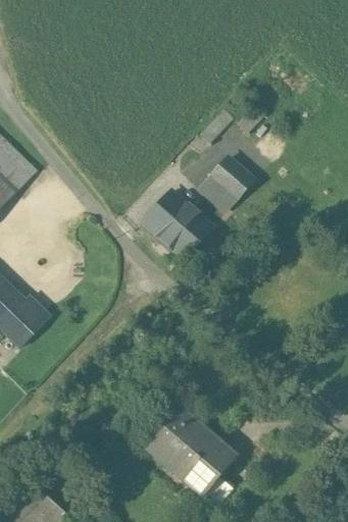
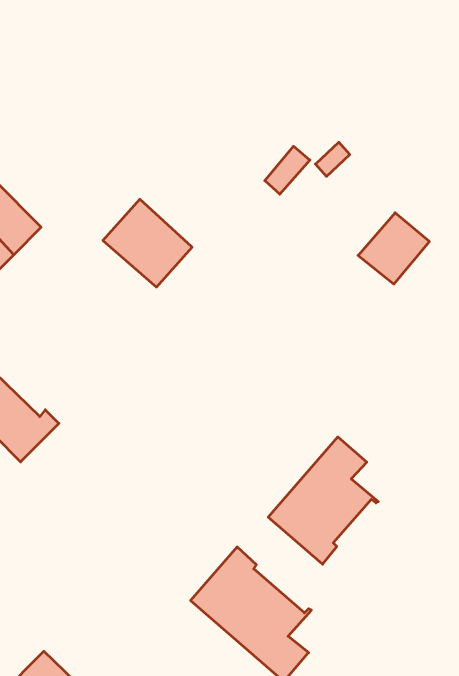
building: [199,157,252,210] -> [358,213,429,284]
building: [144,191,210,256] -> [103,199,192,287]
building: none -> [268,437,378,564]

